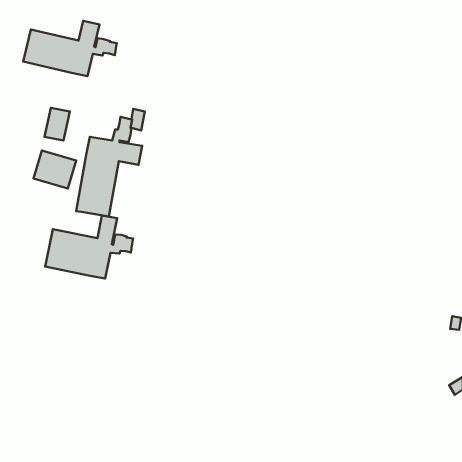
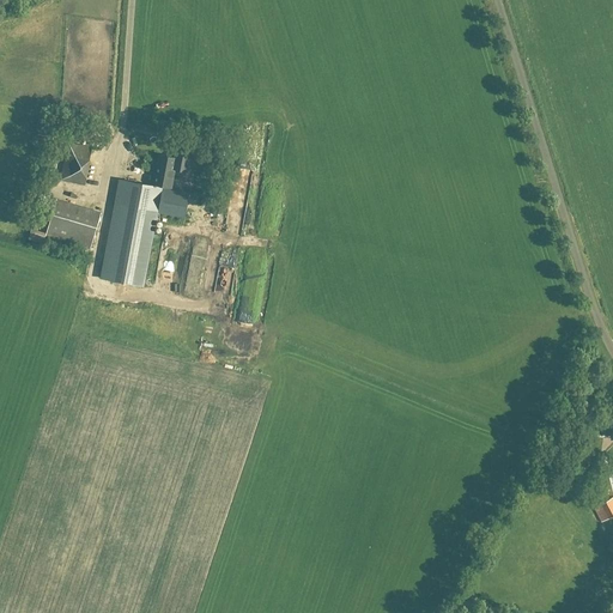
building: [23,21,117,76] -> none
building: [45,215,133,279] -> none

